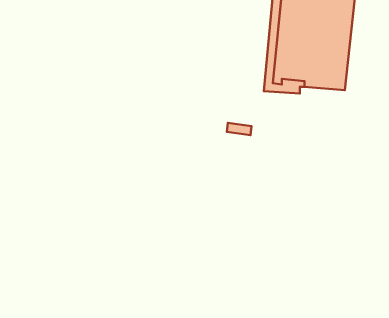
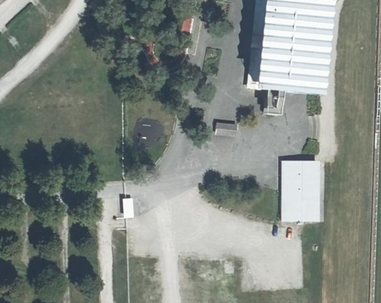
building: none -> [284,162,317,222]

